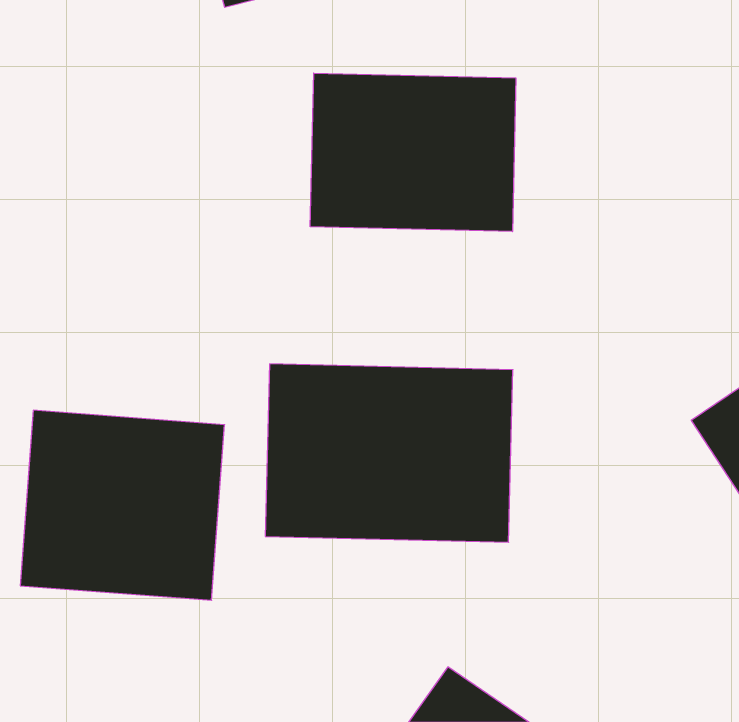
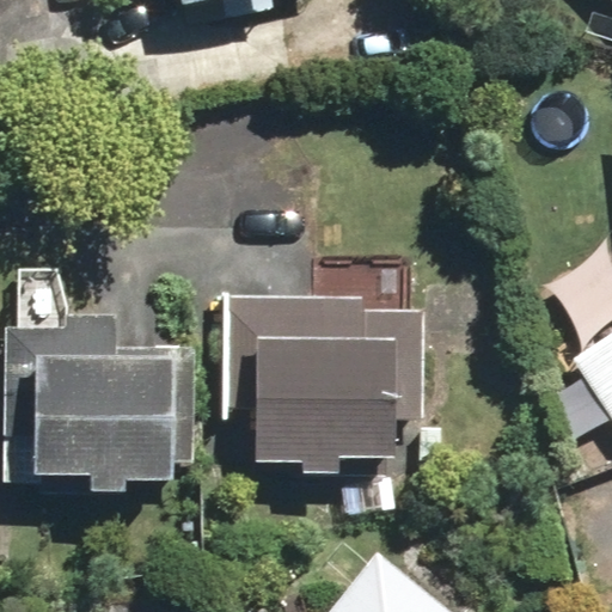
building: [310,73,516,232] -> none

